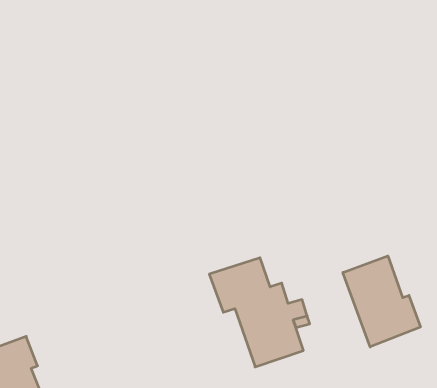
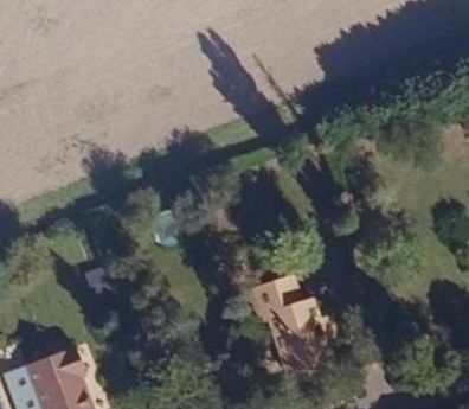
building: [343,256,420,347] -> none

